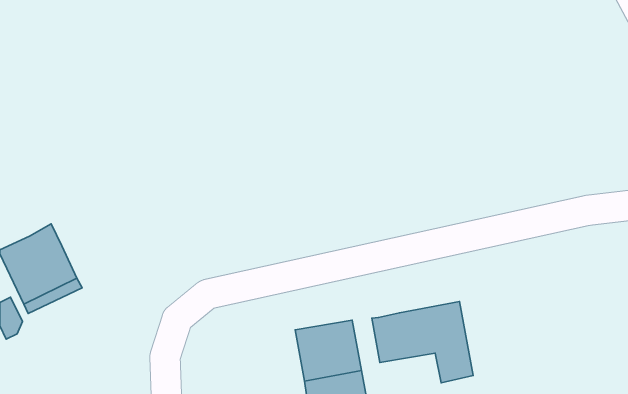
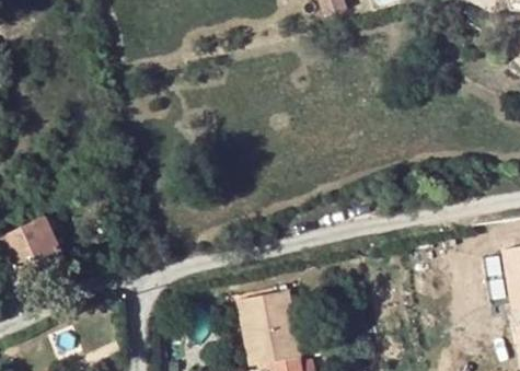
building: [372,302,473,383] -> none

